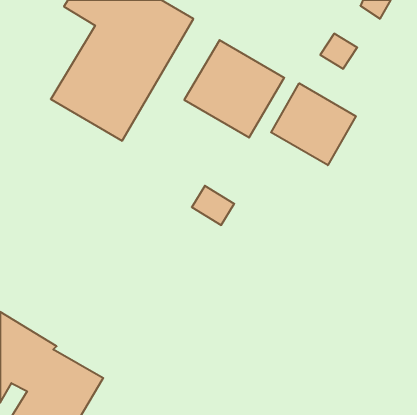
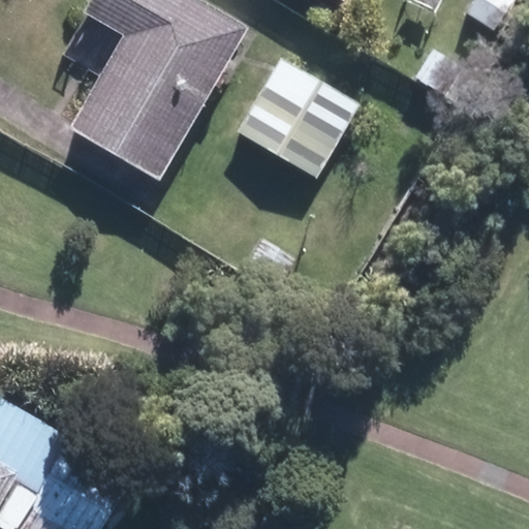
building: [271,83,356,165] -> none

